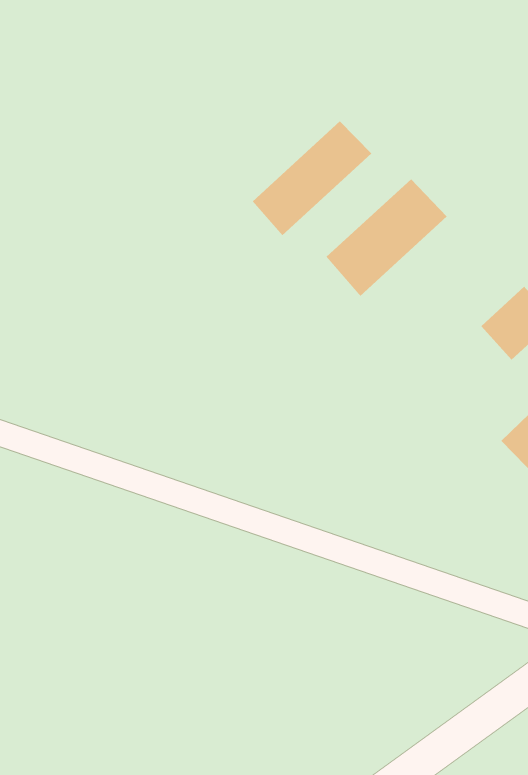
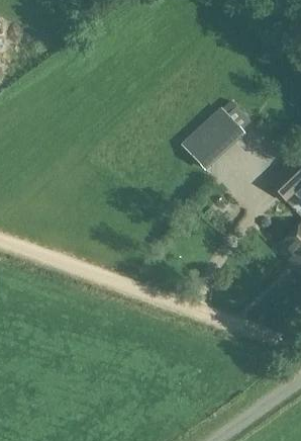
building: [252,121,372,236] -> none

